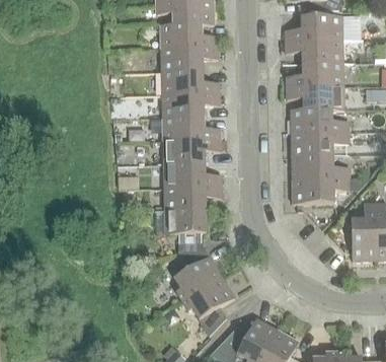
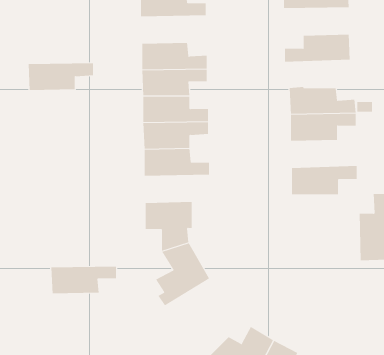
building: [285,40,342,64] -> none
building: [160,47,218,71] -> [28,63,94,91]
building: [286,85,343,111] -> none
building: [291,155,350,179] -> none
building: [163,186,221,210] -> [51,266,117,294]
building: [181,276,234,335] -> none

